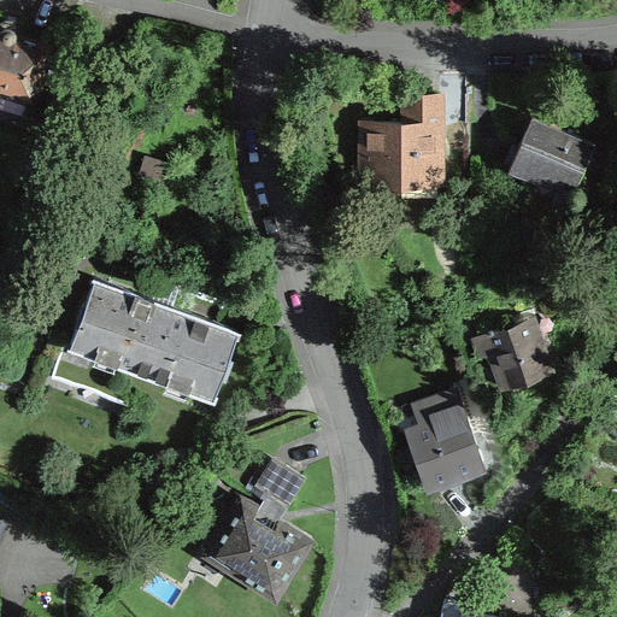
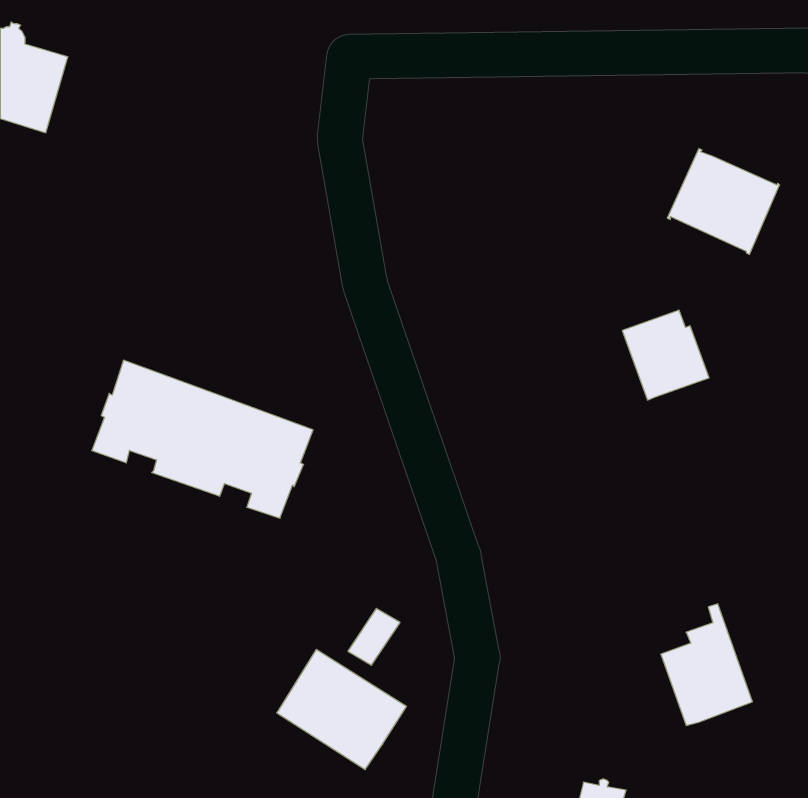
building: [364,99,439,187] -> none
building: [484,323,551,392] -> [622,310,709,400]
building: [411,395,481,488] -> [661,604,752,725]

